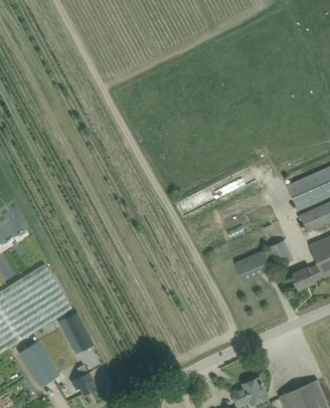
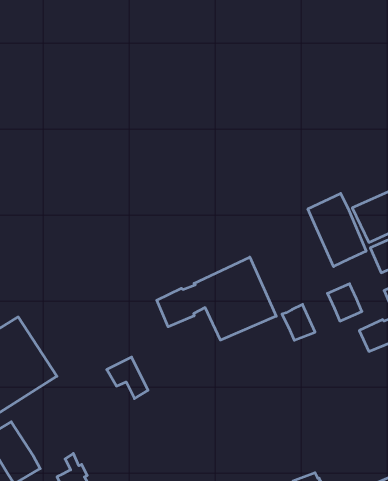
building: none -> [308,193,366,267]
building: none -> [157,257,276,340]
building: [57,313,88,343] -> [107,357,148,399]

